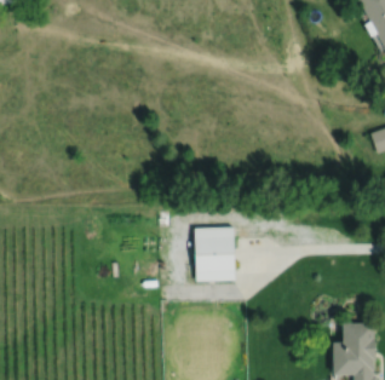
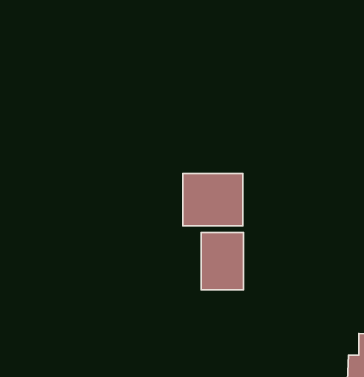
building: none -> [183,173,243,226]

